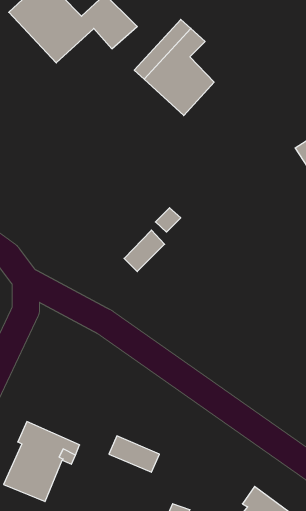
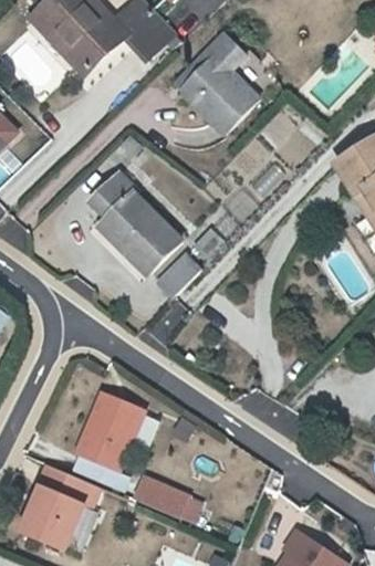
building: none -> [86,177,178,275]
building: none -> [80,395,150,473]

